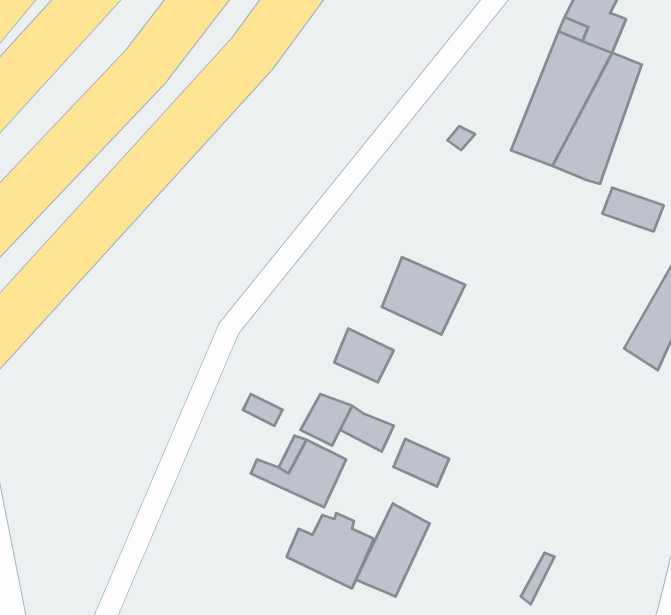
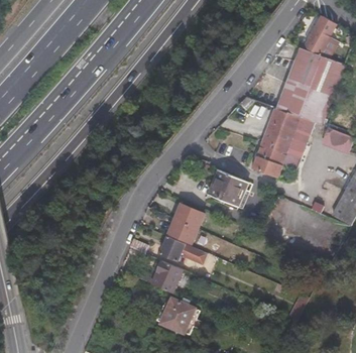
building: none -> [249,113,311,181]
building: [393,439,449,487] -> [176,221,205,245]
building: [356,503,430,597] -> none

